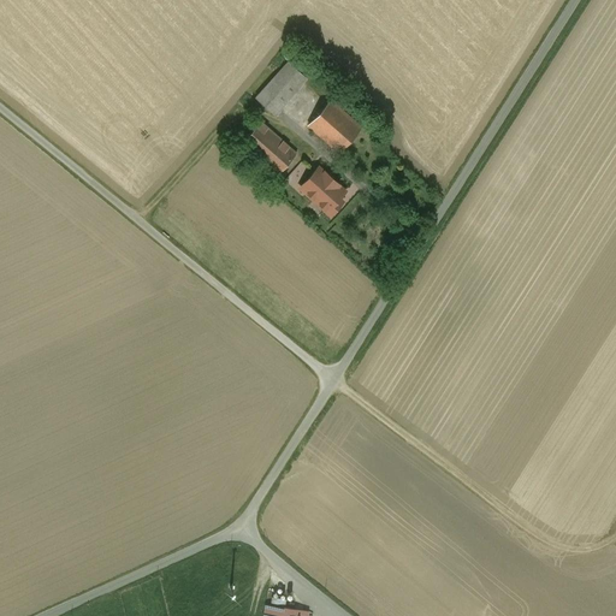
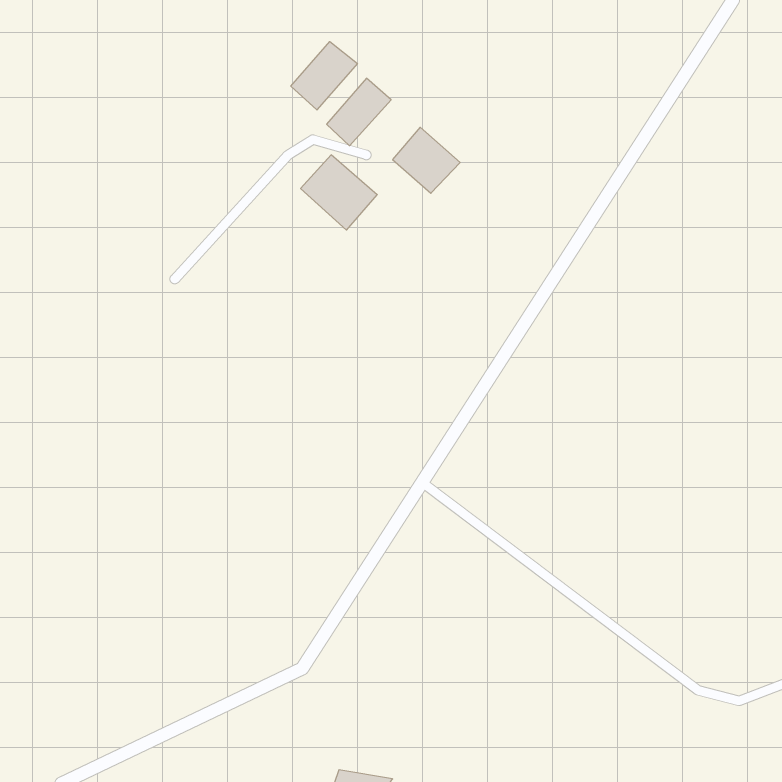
building: none -> [291,42,357,110]
building: [303,168,346,217] -> none

